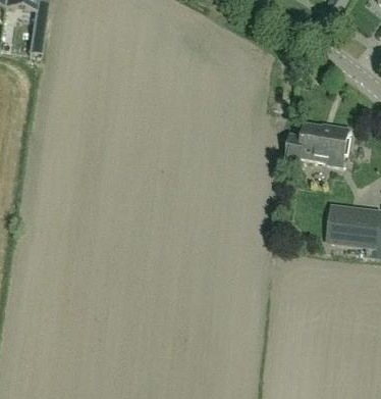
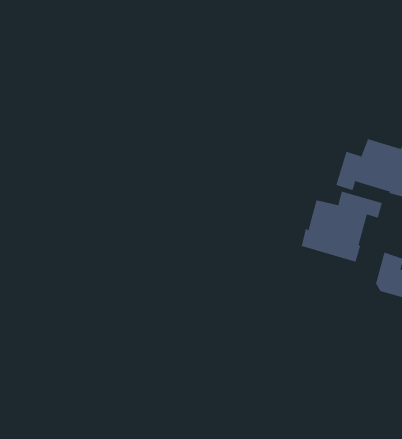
building: none -> [301,191,382,262]

